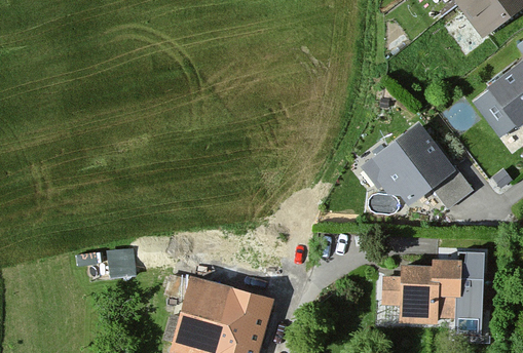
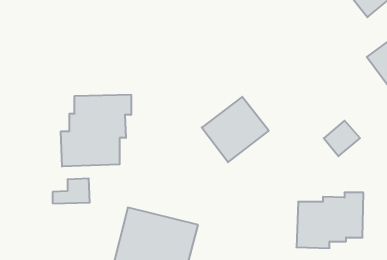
building: [364,125,447,206] -> [202,97,269,162]
building: none -> [61,95,131,167]

